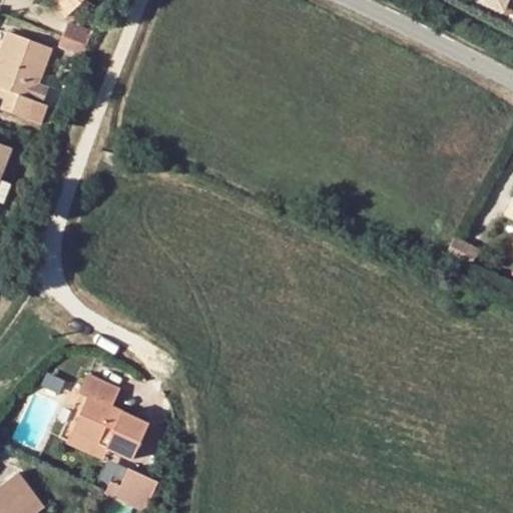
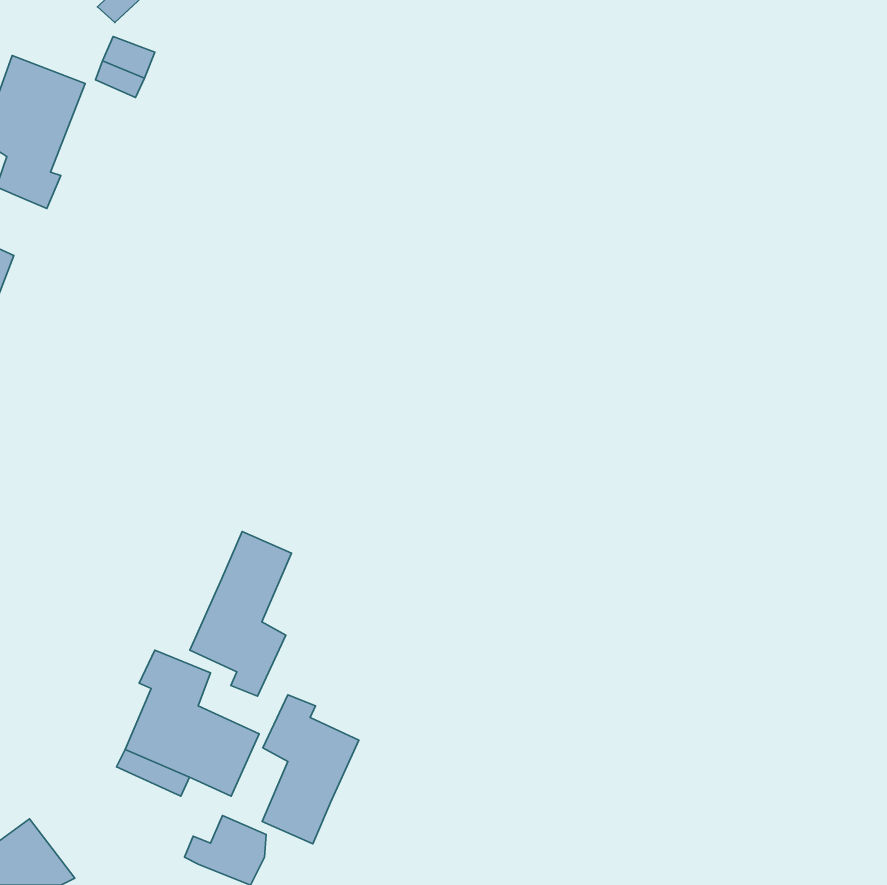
building: none -> [190,531,291,696]
building: none -> [262,695,359,844]

